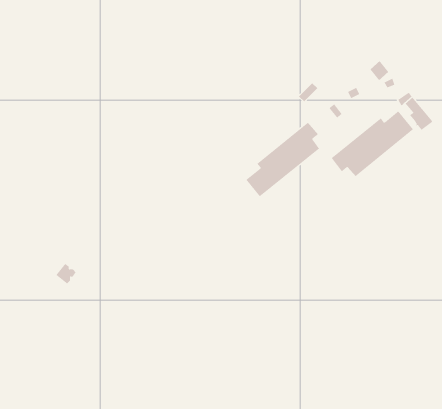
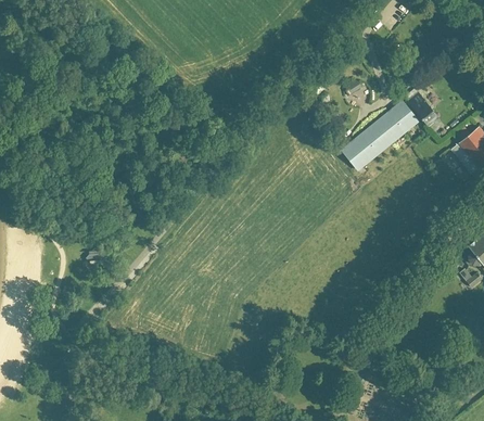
building: [245,122,320,197] -> none

